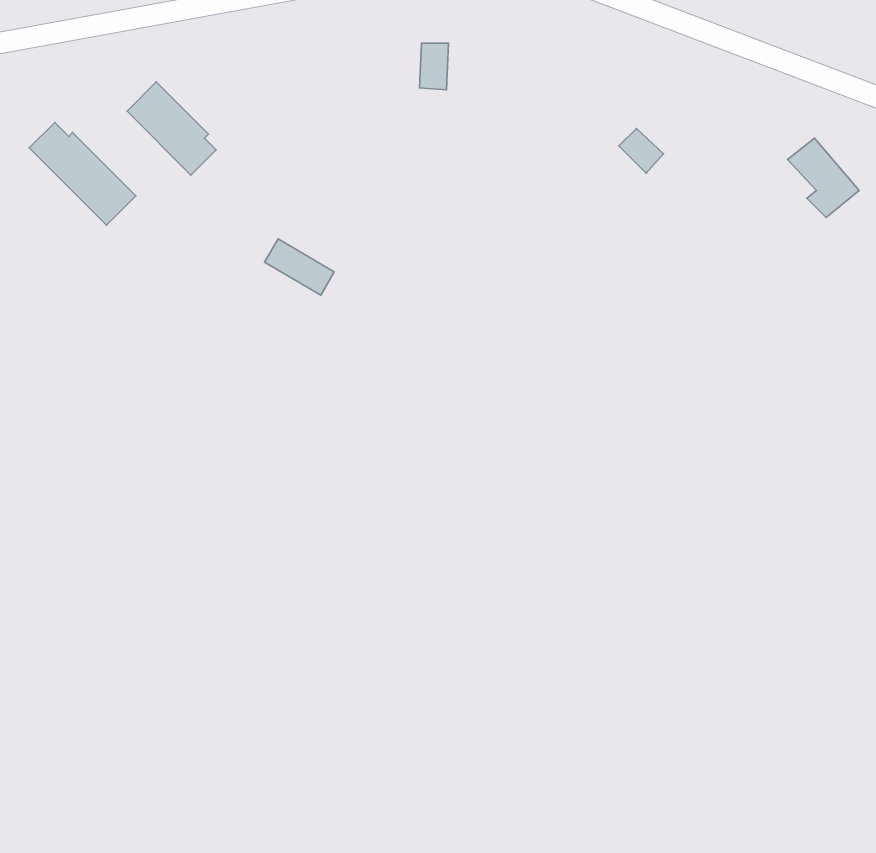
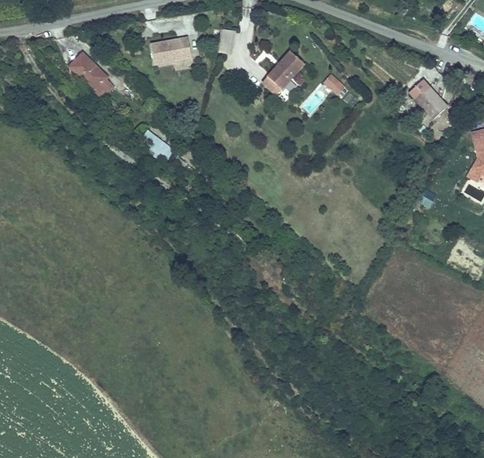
building: none -> [148,35,192,67]
building: none -> [262,52,304,97]
building: [29,123,136,225] -> none

